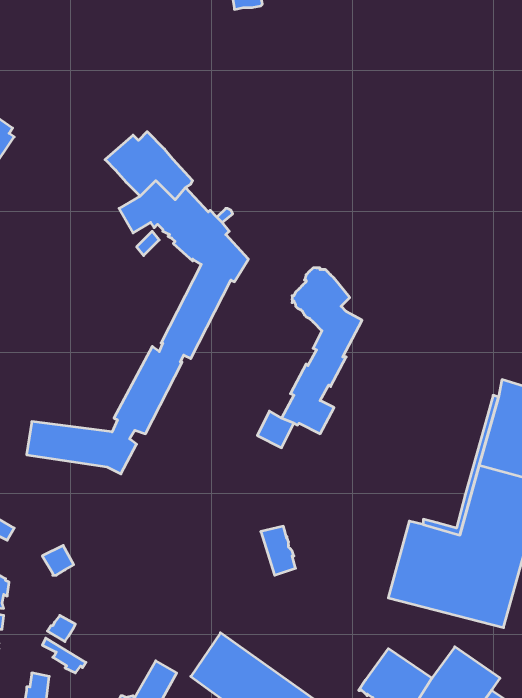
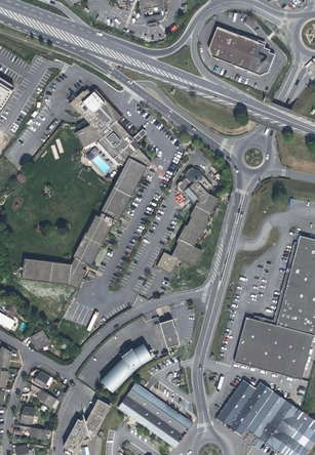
building: none -> [208,28,275,76]
building: none -> [102,344,152,389]
building: none -> [234,379,273,409]

